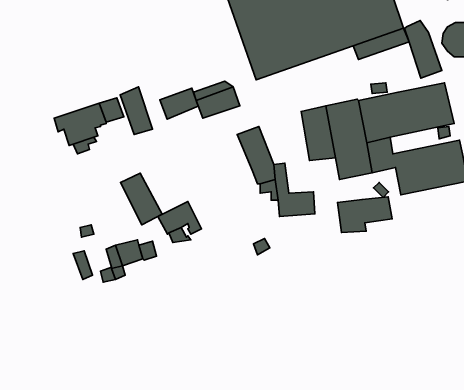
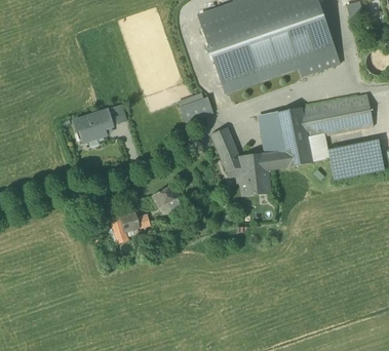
building: [405,20,442,78] -> none
building: [120,87,153,135] -> none
building: [160,88,198,119] -> none
building: [121,173,162,225] -> none
building: [338,197,392,232] -> [246,150,287,177]

